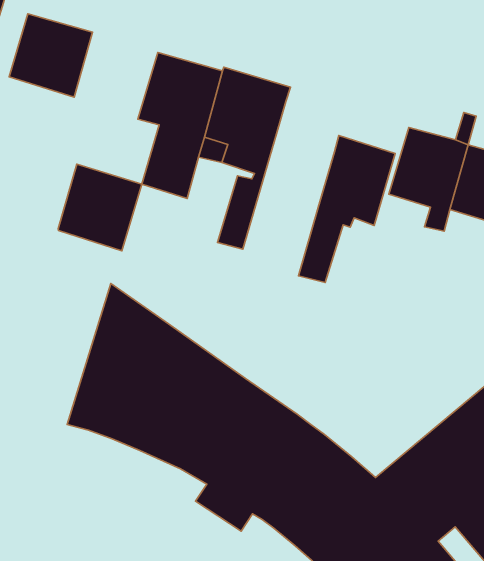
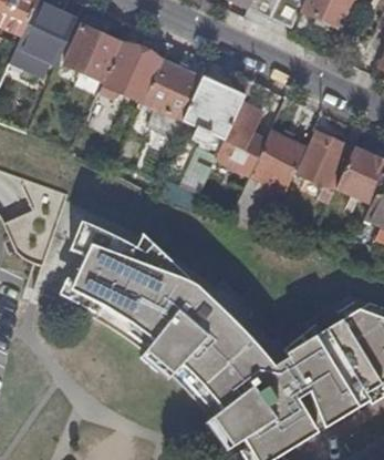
building: none -> [214,103,264,174]
building: [58,164,142,251] -> [103,41,160,101]

